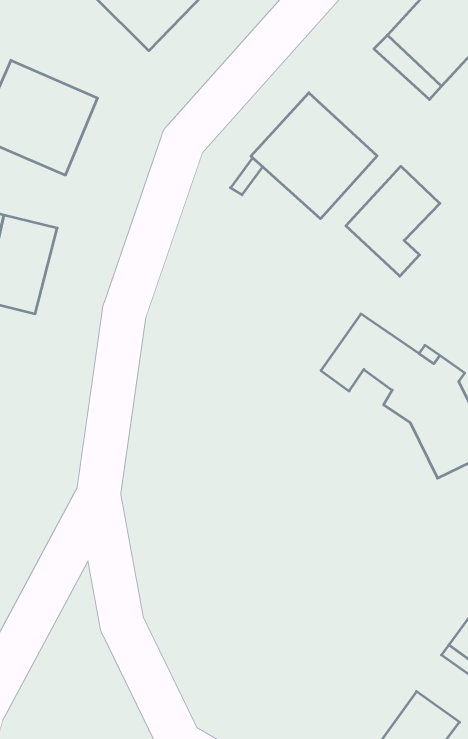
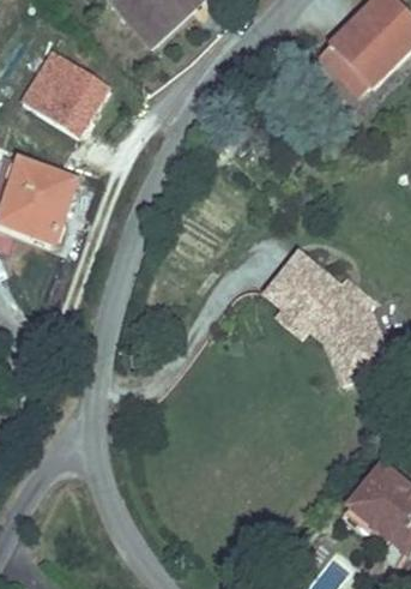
building: [251,93,377,219] -> none
building: [346,166,440,276] -> none
building: none -> [277,295,347,383]

